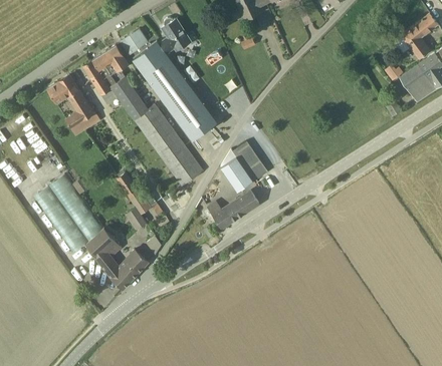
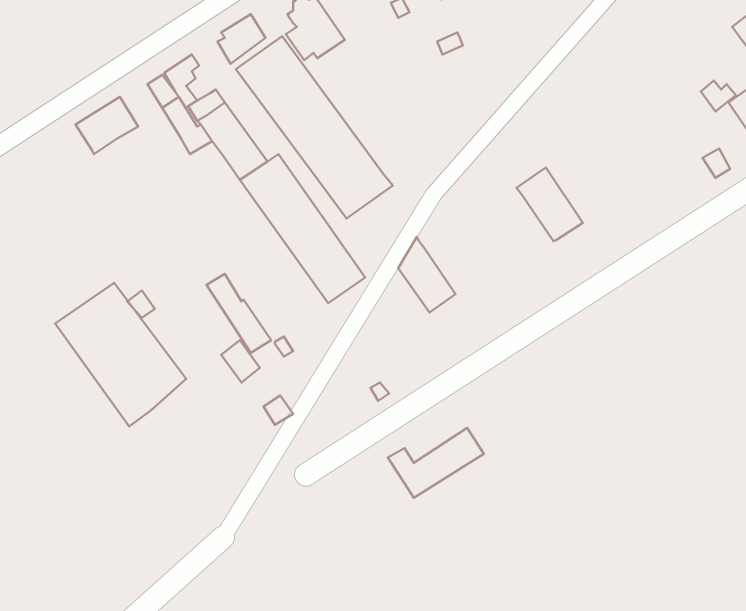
building: [104,45,129,75] -> none
building: [63,89,100,137] -> none
building: [231,140,267,180] -> [516,168,583,241]
building: [207,190,259,228] -> [388,428,484,498]
building: [85,227,149,289] -> none

